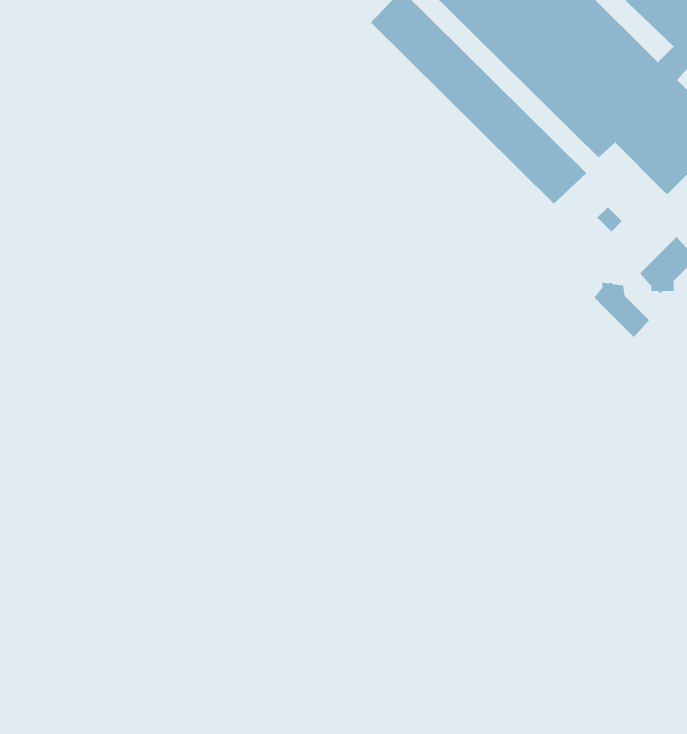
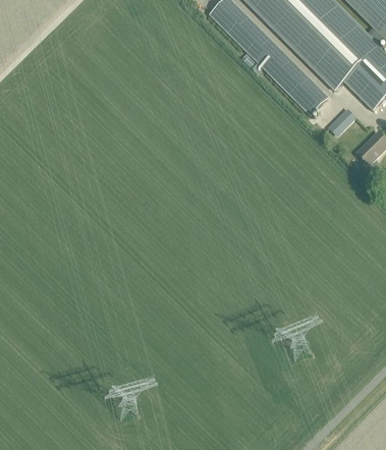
building: [593,281,650,338] -> none

